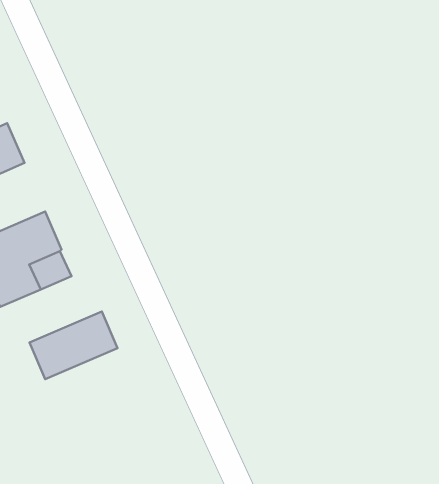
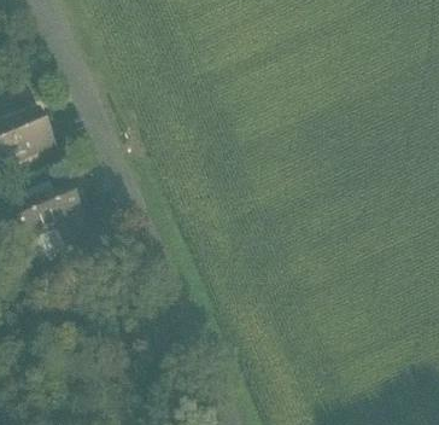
building: [30,311,117,379] -> none

